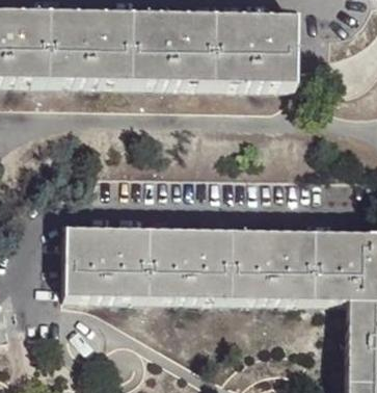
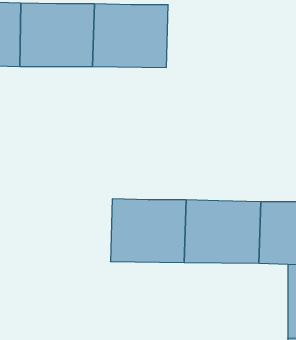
building: [211,11,296,82] -> none
building: [66,227,151,297] -> none

